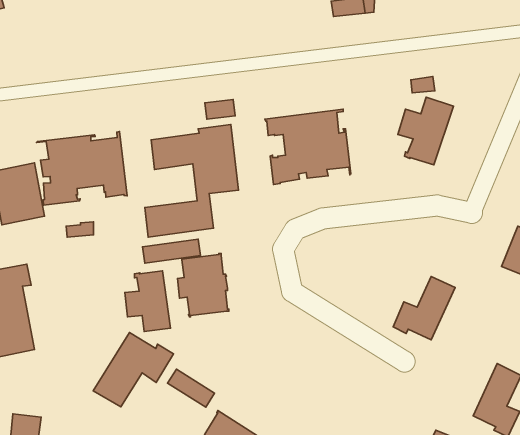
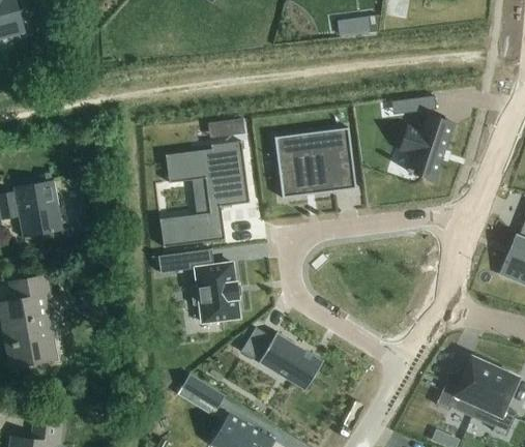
building: [36,132,127,205] -> none
building: [125,271,170,332] -> none
building: [393,277,455,340] -> [435,357,494,417]
building: none -> [239,327,323,391]
building: [93,332,174,407] -> none

